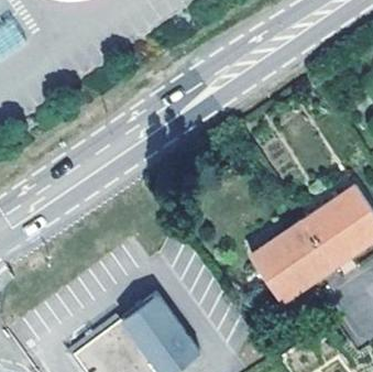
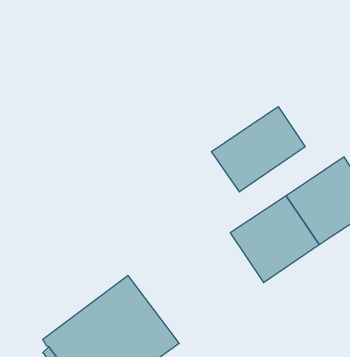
building: none -> [212,107,305,192]

